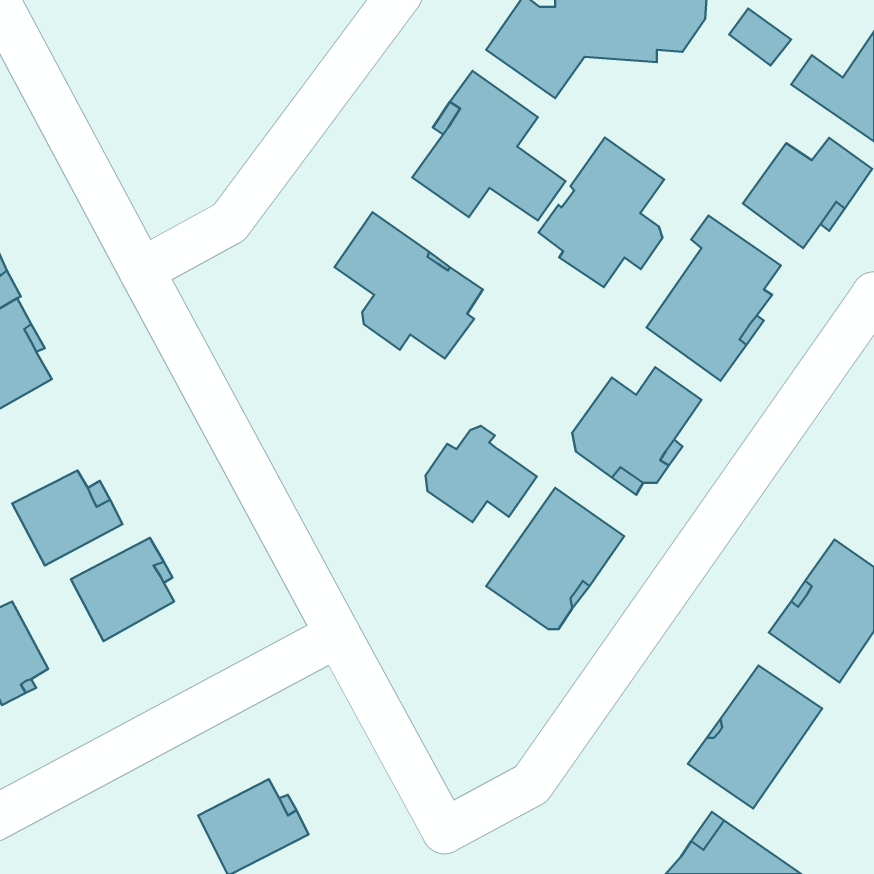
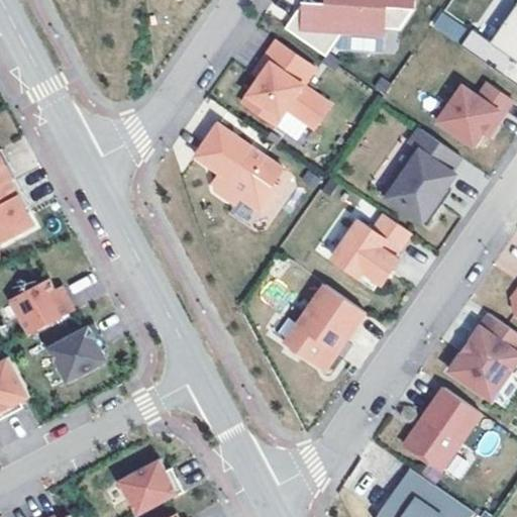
building: [538,137,664,287] -> none
building: [425,426,537,522] -> none

